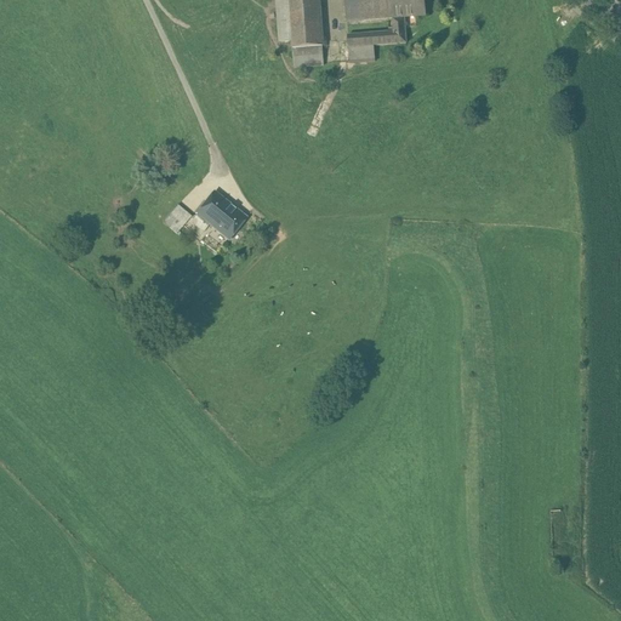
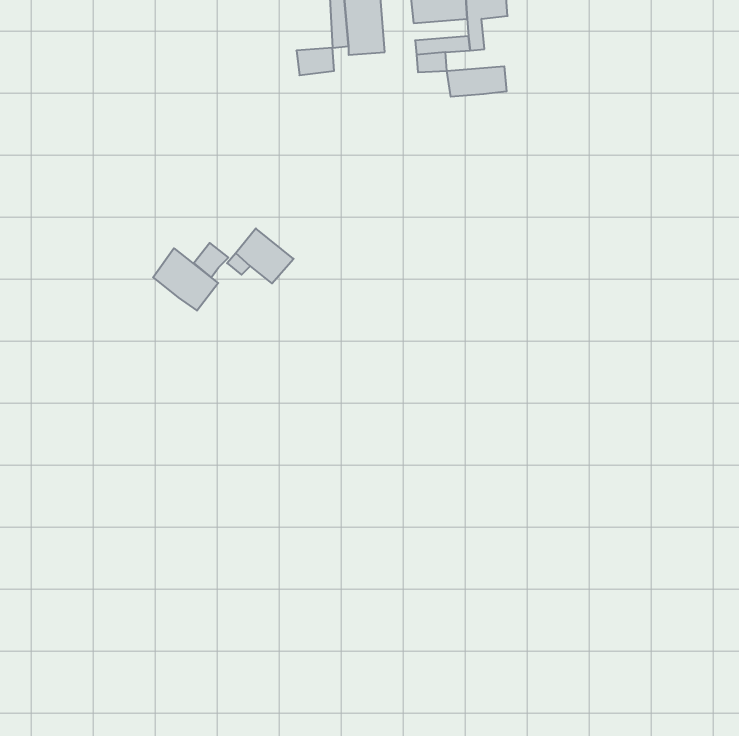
building: [292,44,324,67] -> [296,48,334,75]
building: none -> [447,66,507,97]
building: none -> [153,248,218,311]

